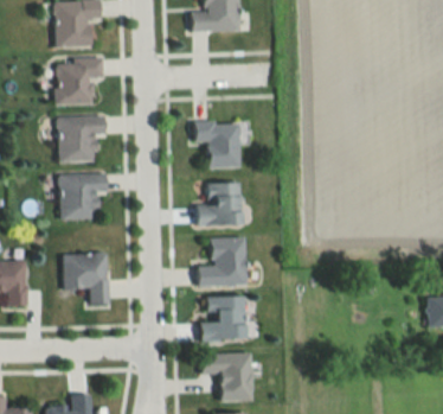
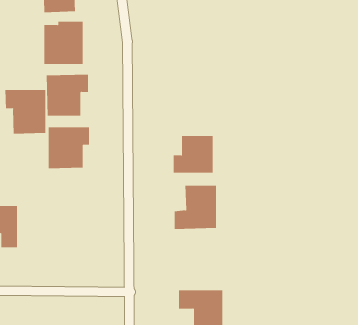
building: [193,122,239,167] -> none
building: none -> [5,89,46,135]
building: [63,253,109,306] -> none
building: [200,295,245,340] -> none

